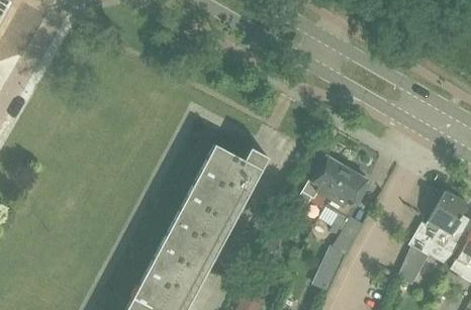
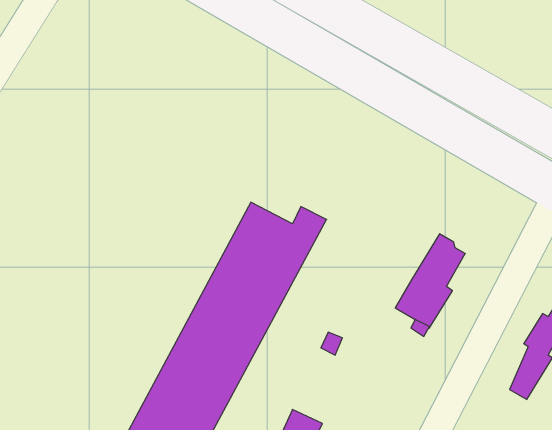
building: [297,157,349,209] -> none
building: [311,244,346,291] -> none

